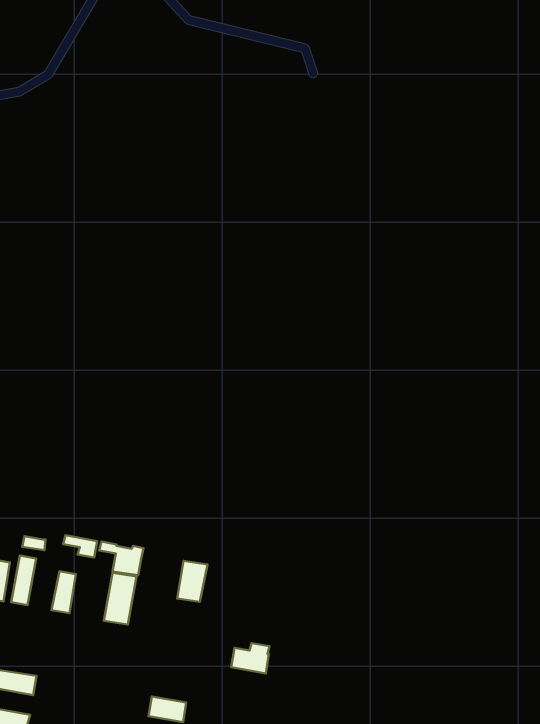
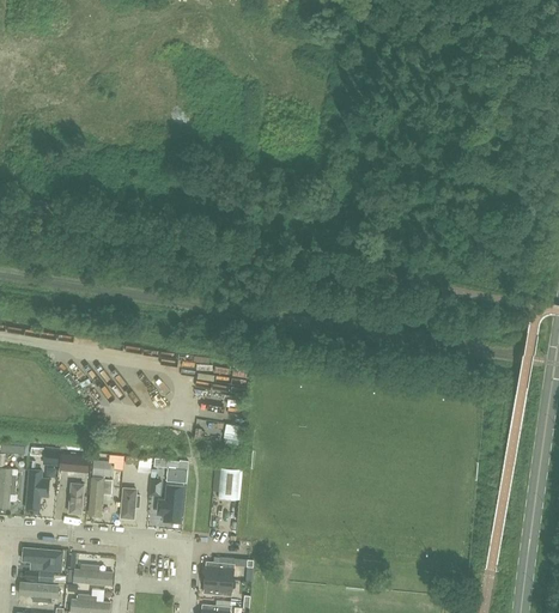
building: [231,643,270,673] -> [205,558,233,581]

